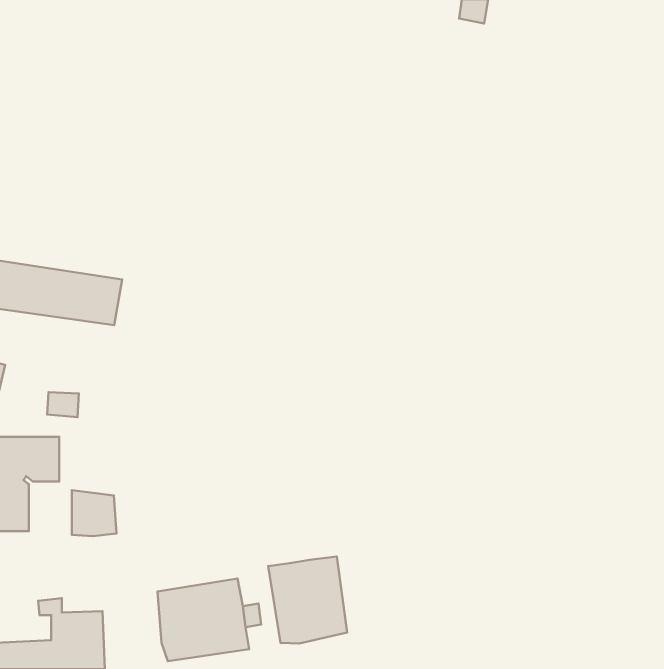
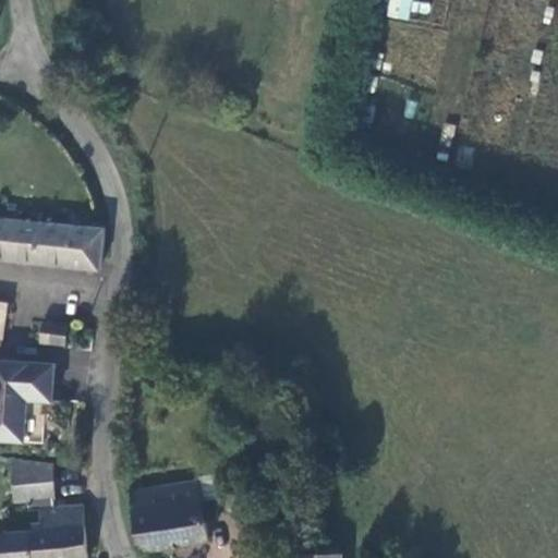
building: [72,490,117,536] -> [14,461,51,499]
building: [268,557,347,643] -> none

